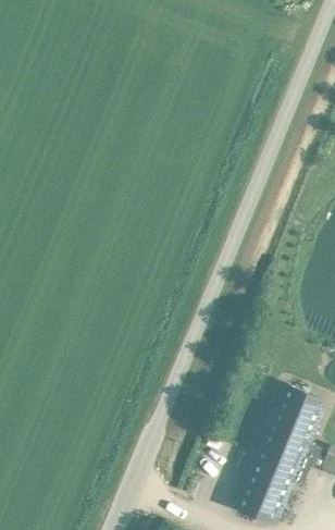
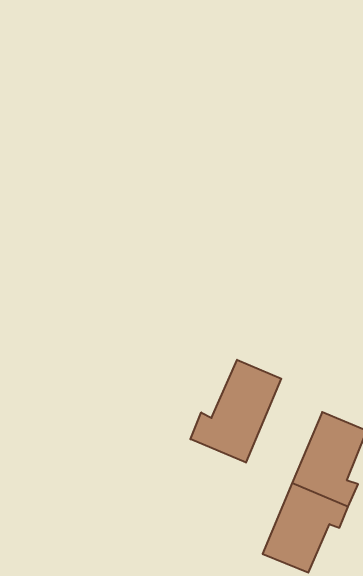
building: none -> [190,360,281,463]

